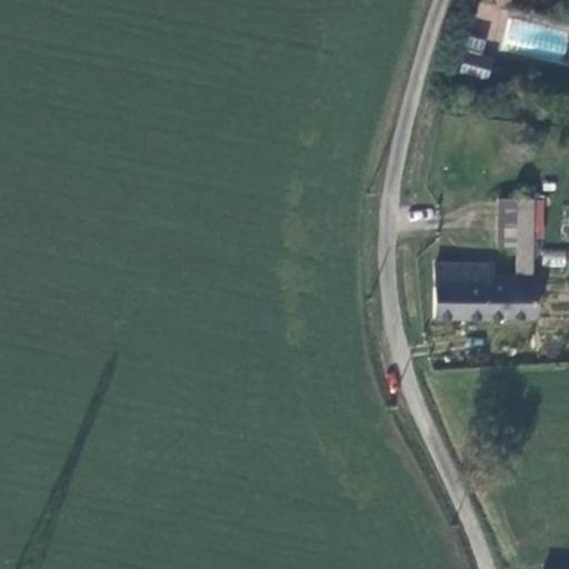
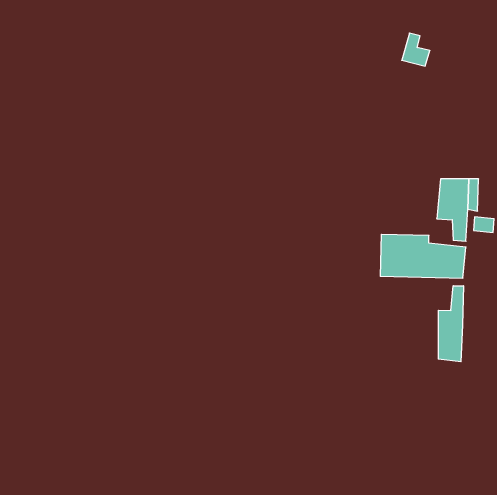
building: none -> [438,286,463,362]

